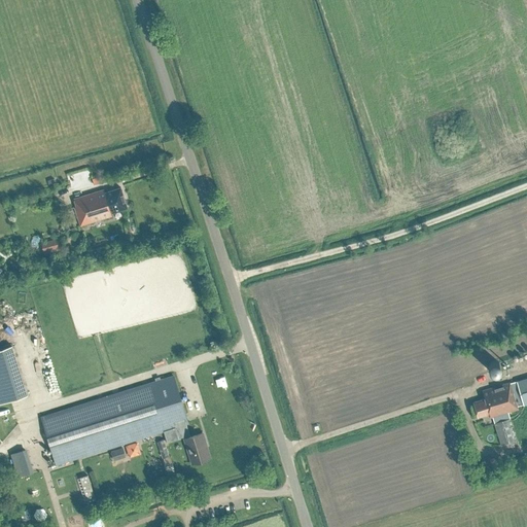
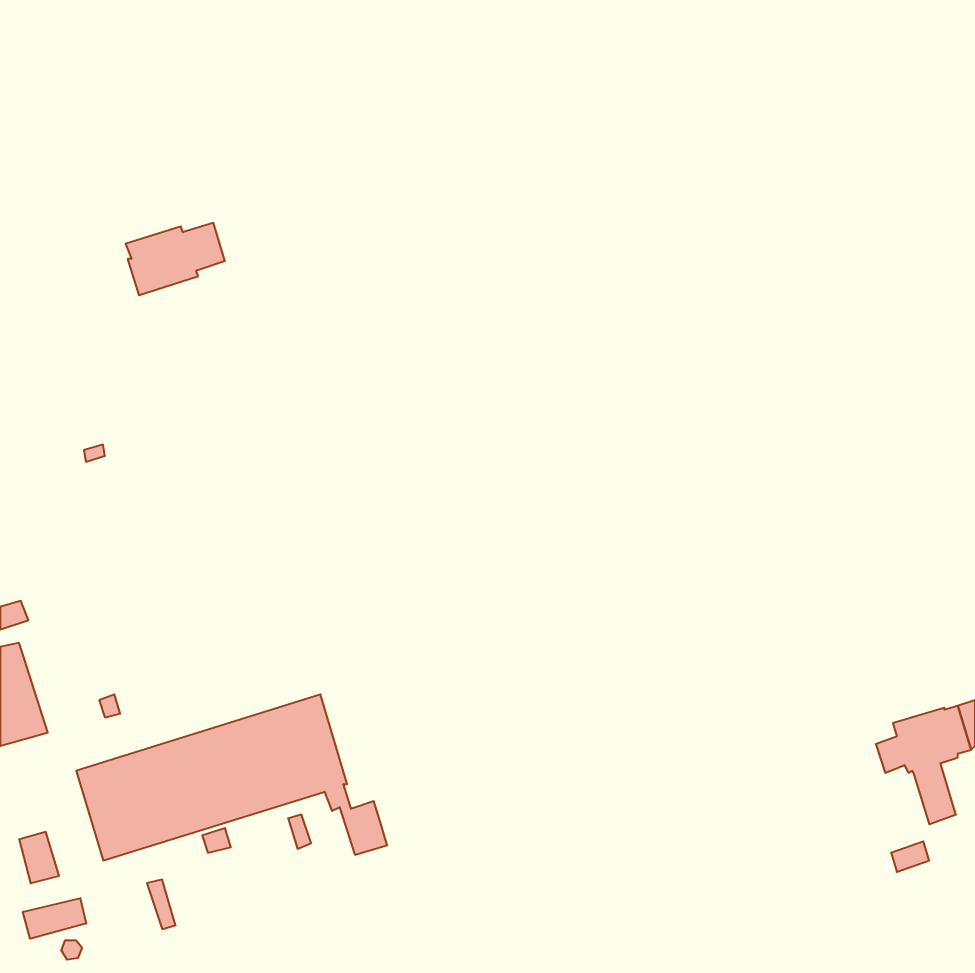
building: [73,187,127,226] -> [126,223,225,295]
building: none -> [23,898,86,939]

